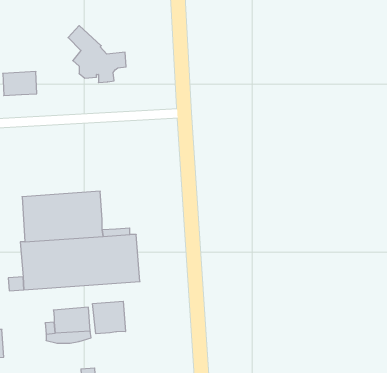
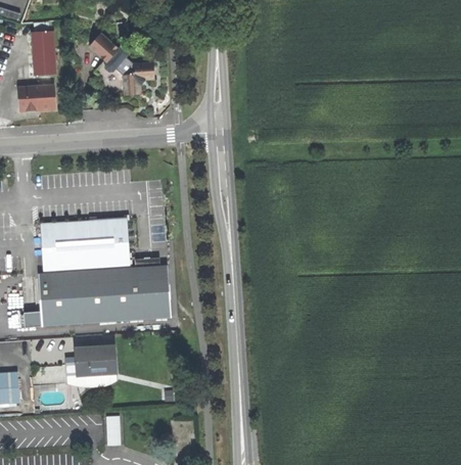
building: none -> [33,31,57,75]
building: [93,301,125,334] -> none

